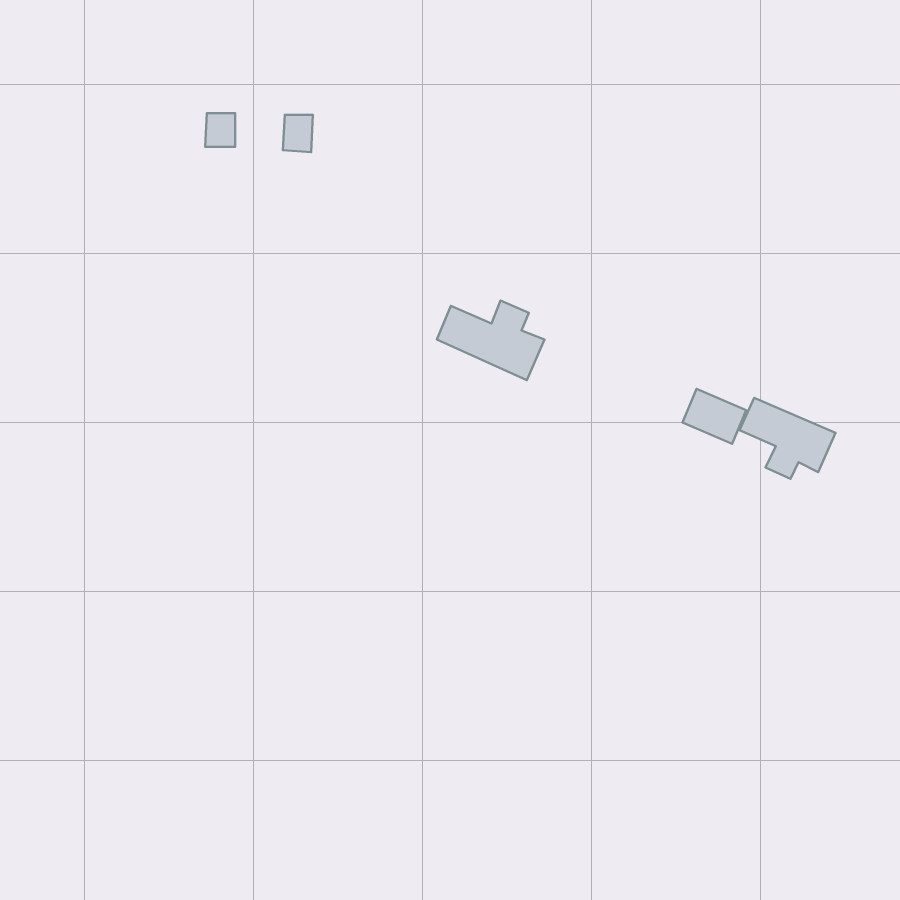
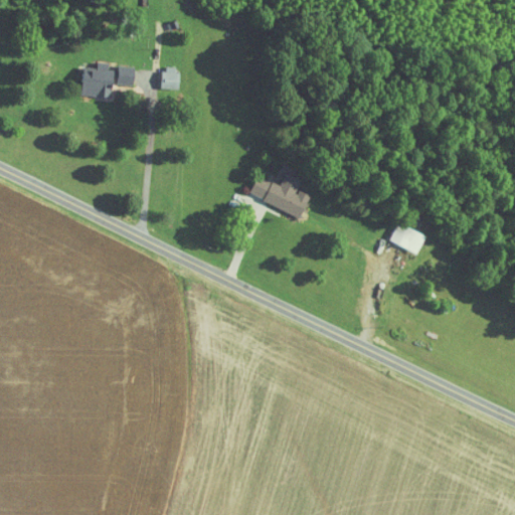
building: none -> [82,67,114,98]
building: [740,398,836,479] -> none

